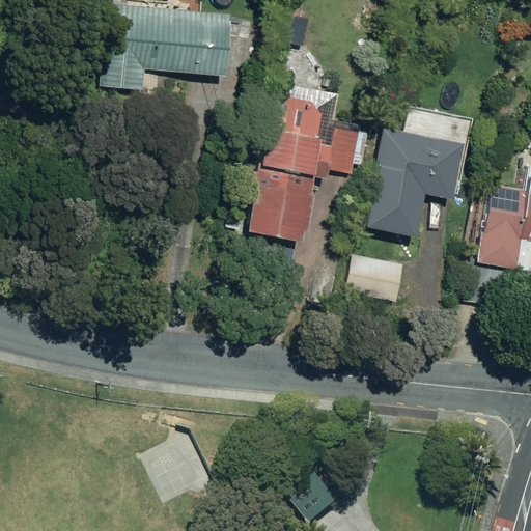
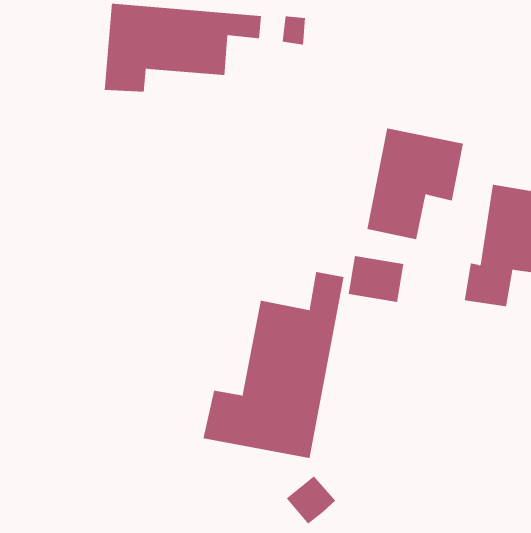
building: [248,91,371,242] -> none
building: none -> [203,271,344,459]

